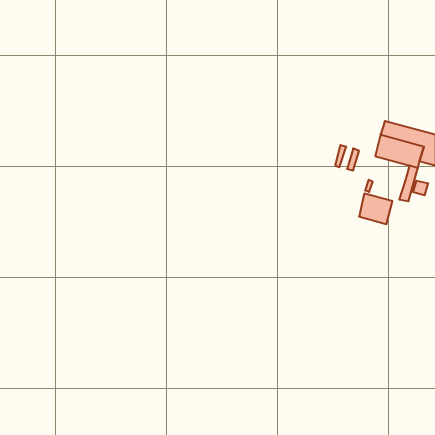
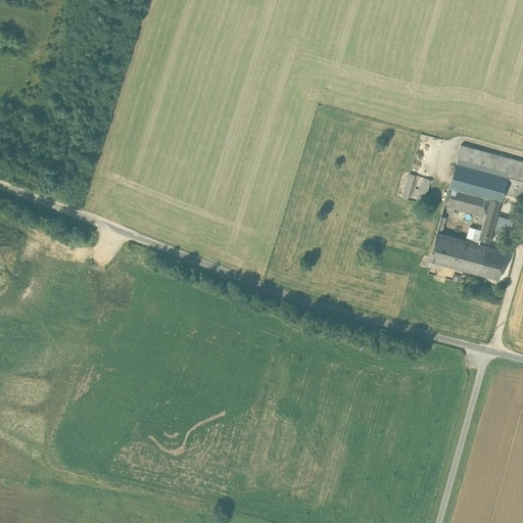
building: none -> [445,188,491,218]
building: none -> [464,242,507,280]

